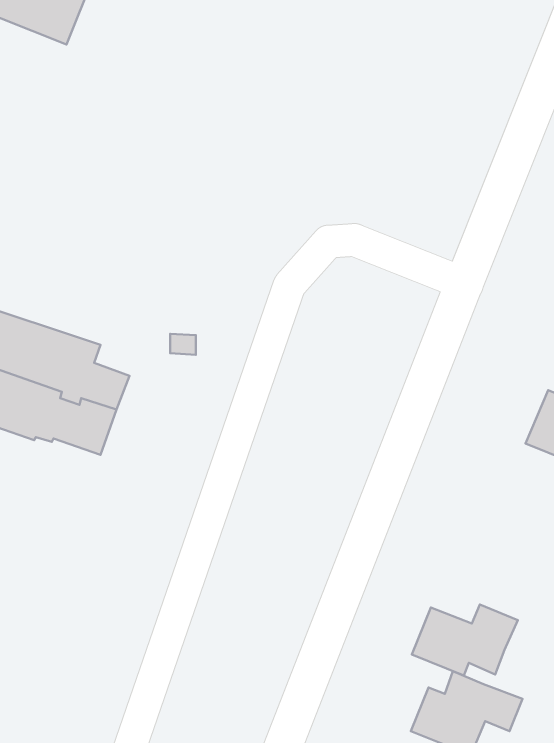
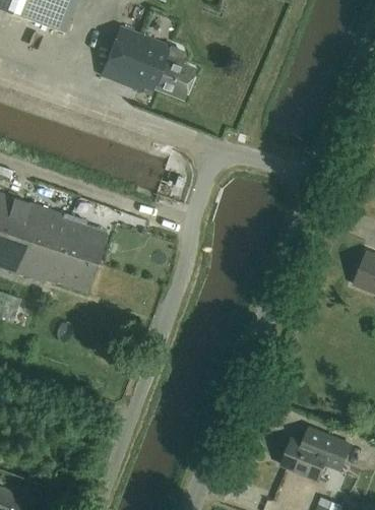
building: none -> [100,25,194,99]
building: [412,604,518,676] -> none

